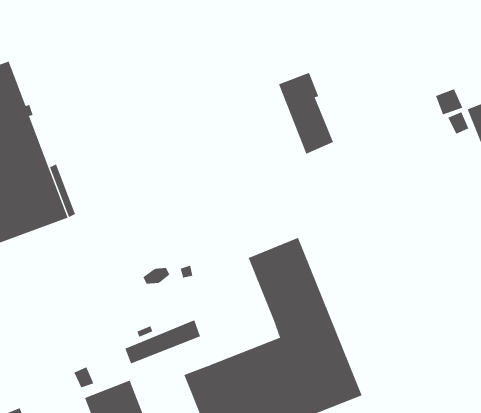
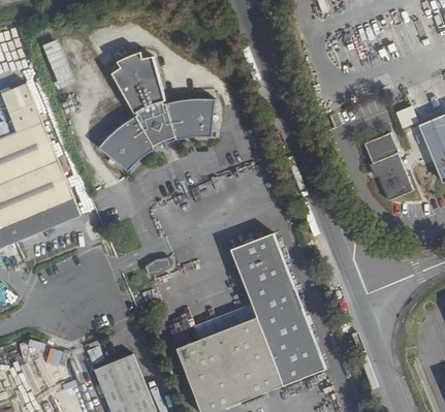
building: none -> [98,47,216,168]
building: [278,72,334,154] -> [364,131,412,201]
building: [125,319,201,364] -> [193,305,258,343]

